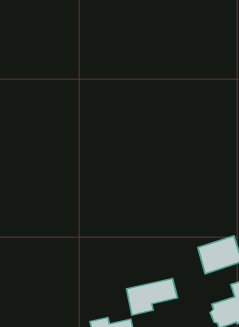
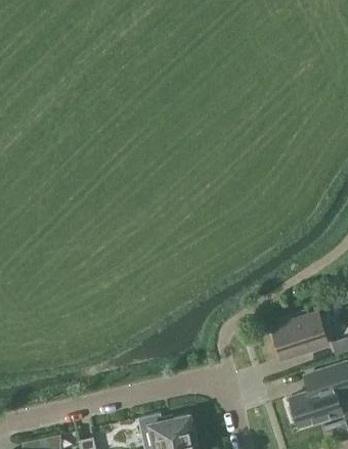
building: [126,279,177,315] -> none

